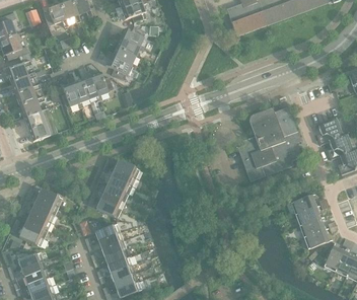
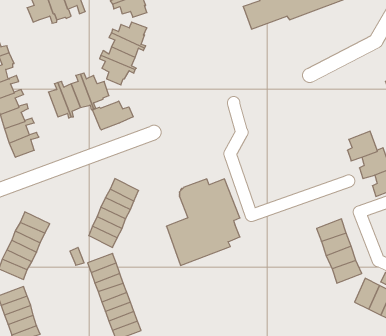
building: none -> [93,101,133,130]
building: [237,106,300,180] -> [166,179,240,265]

